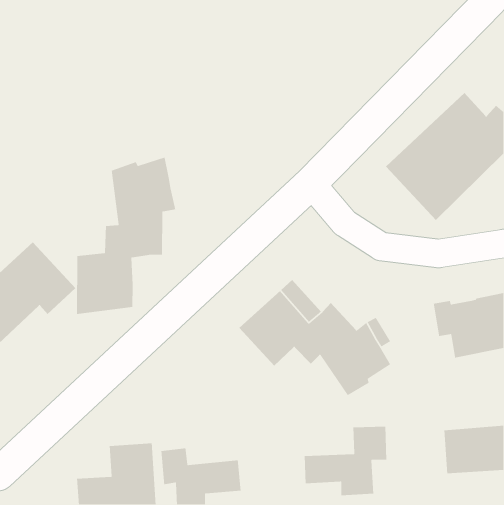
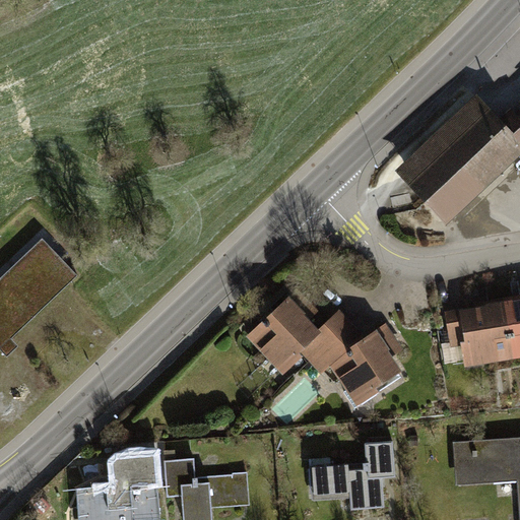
building: [76,157,176,315] -> none

